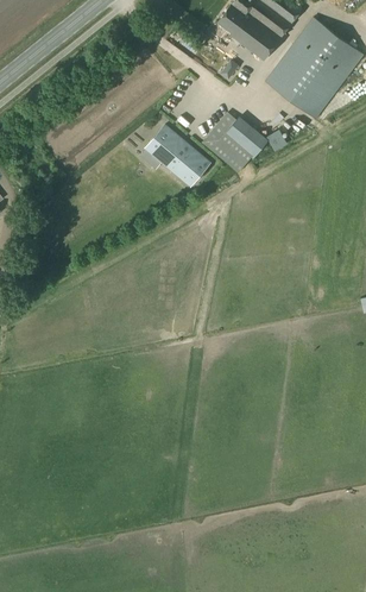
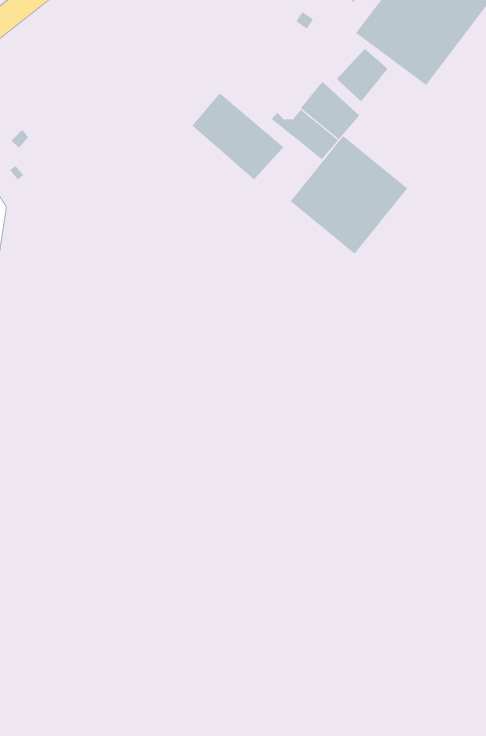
building: none -> [337,48,389,102]
building: none -> [290,135,408,255]

